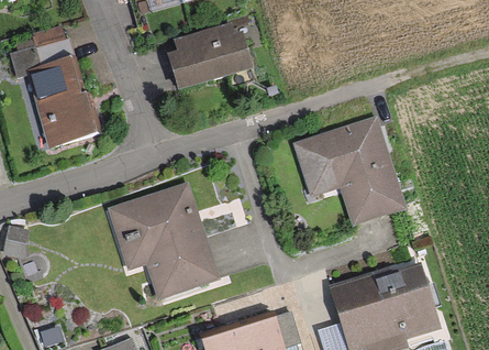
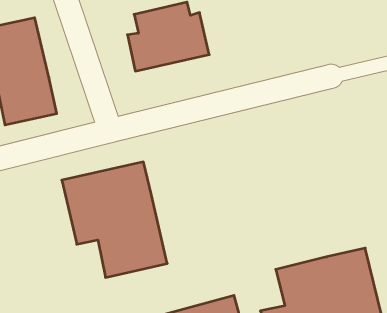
building: [294,117,404,225] -> none

